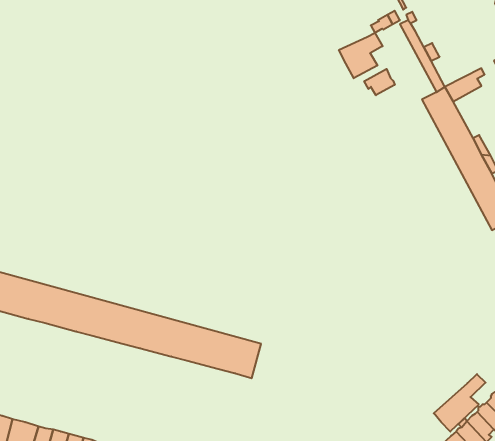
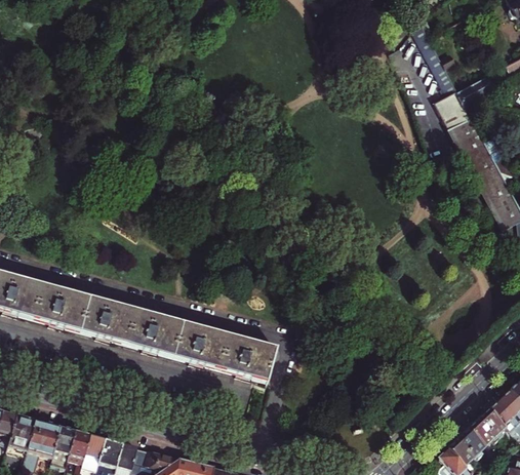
building: [339,33,383,78] -> none
building: [364,69,395,95] -> none
building: [434,374,486,432] -> none

